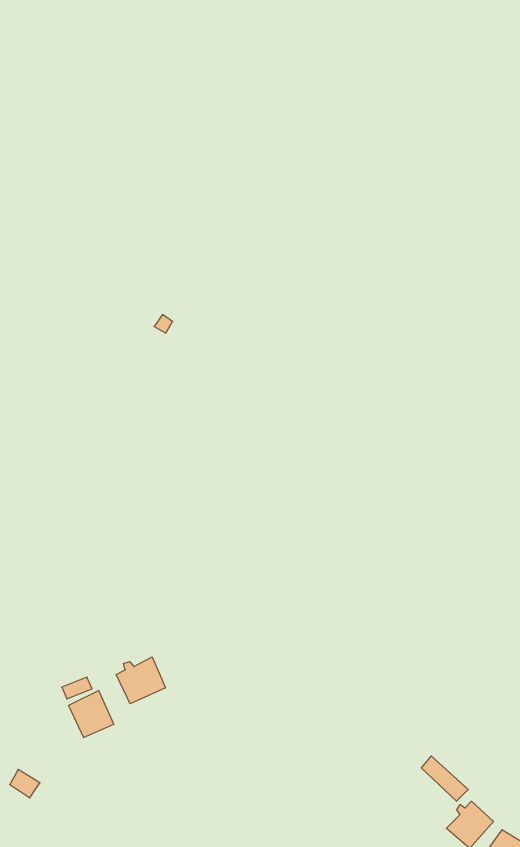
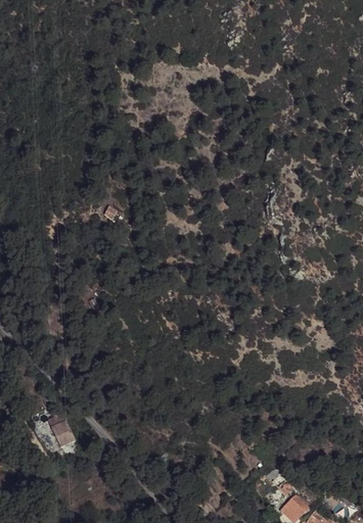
building: [116,657,166,704] -> none

